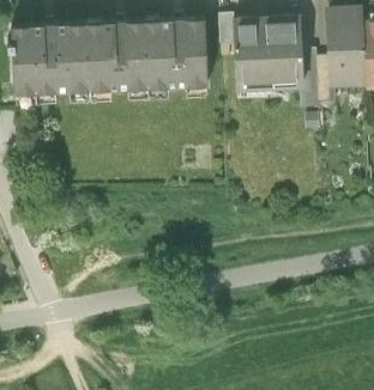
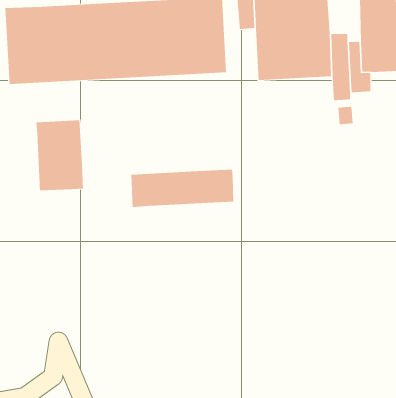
building: none -> [36,120,83,191]
building: none -> [131,169,234,208]

